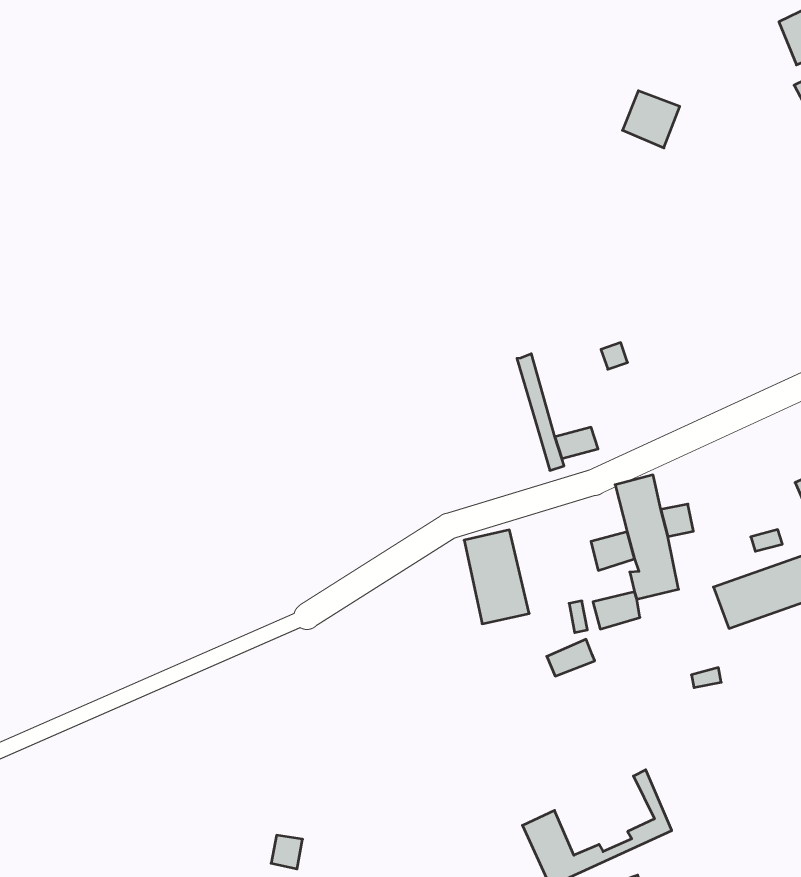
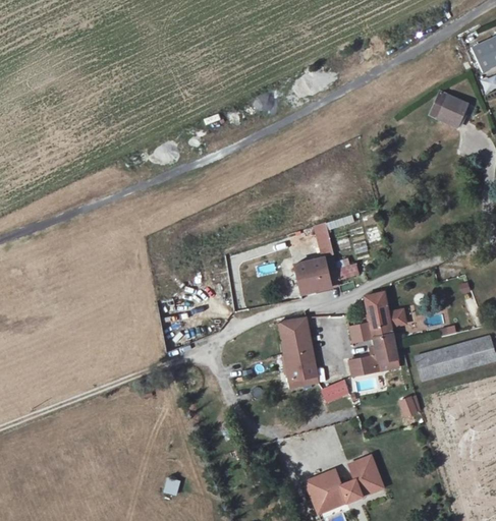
building: [622,91,680,148] -> [434,95,466,127]
building: none -> [293,258,329,293]
building: none -> [286,364,316,386]
building: none -> [320,458,375,500]

